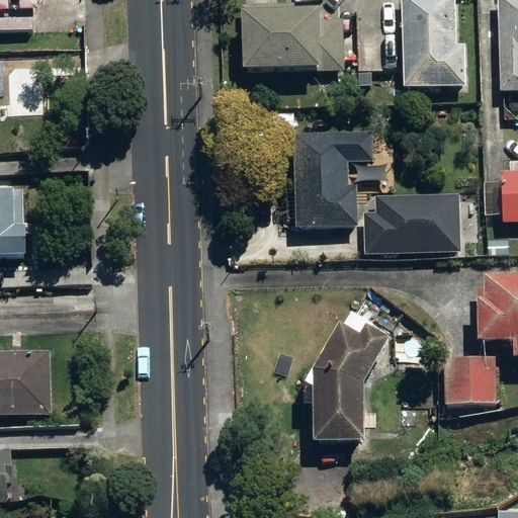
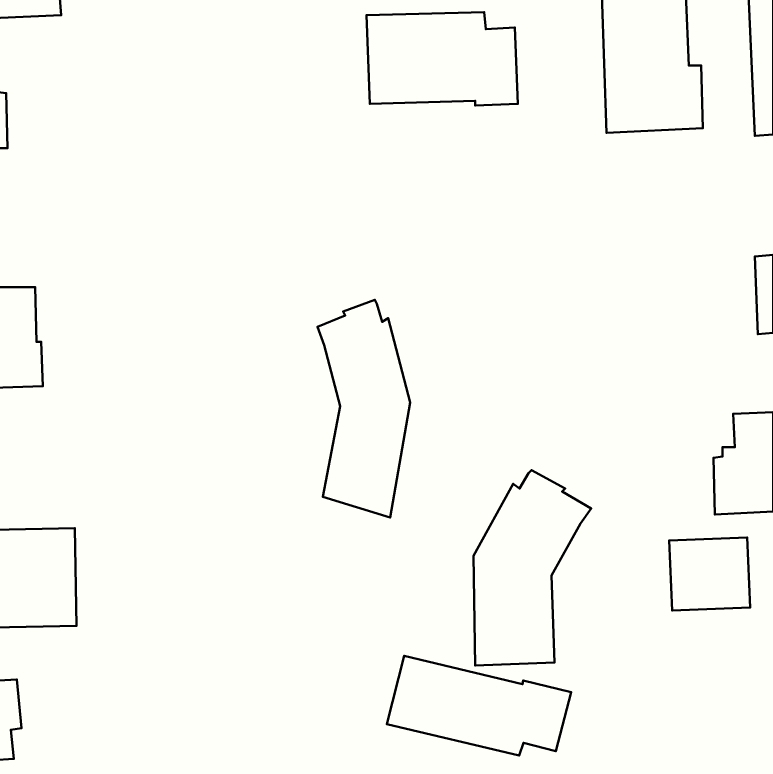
building: [290,128,372,227] -> none
building: [362,193,459,255] -> none
building: none -> [317,300,410,518]
building: none -> [387,656,571,756]

